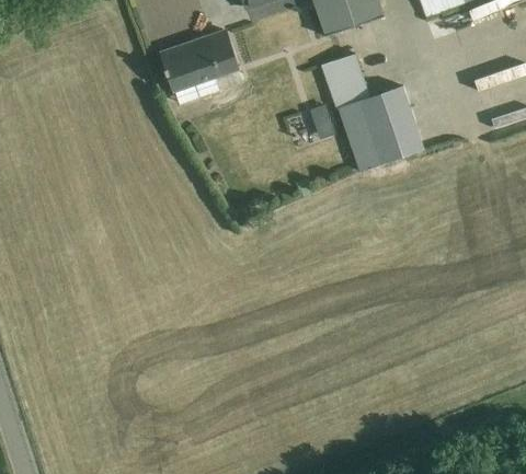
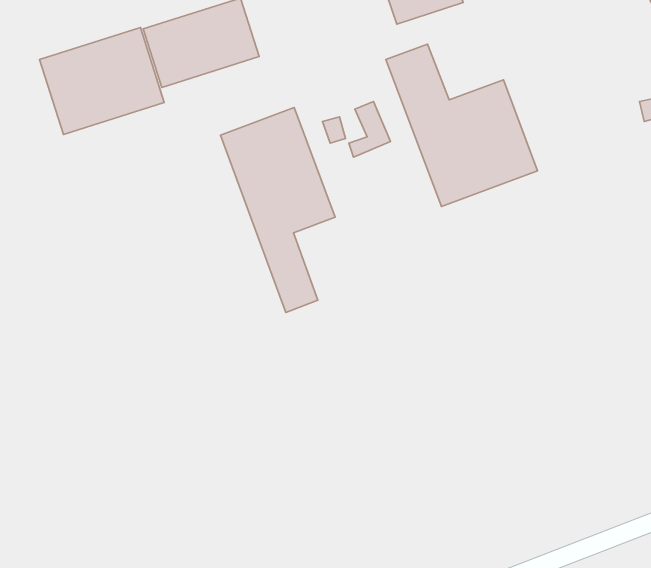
building: none -> [40,28,164,135]
building: none -> [221,108,335,312]

